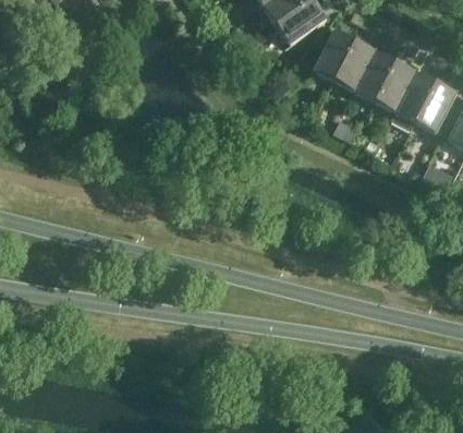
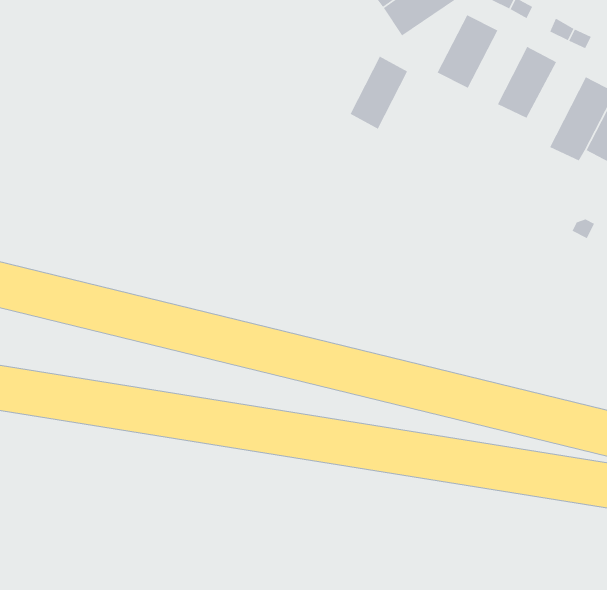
building: [336,39,376,91] -> [350,55,408,130]
building: [376,61,416,111] -> none

